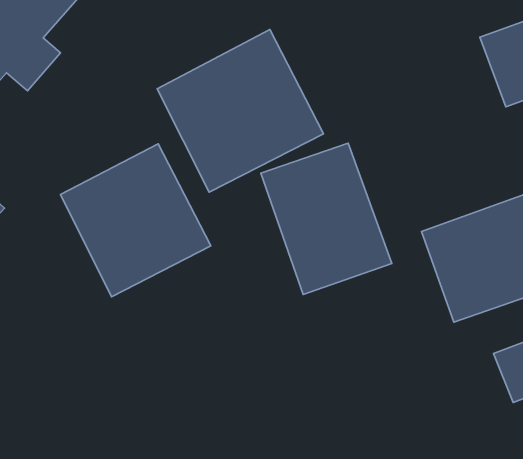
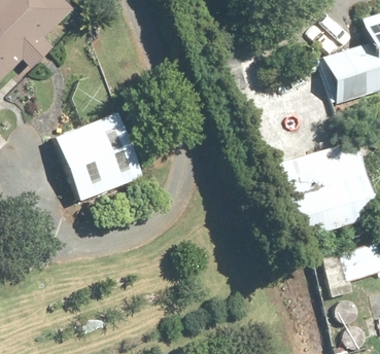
building: [157,29,324,192] -> none
building: [261,143,392,295] -> none

